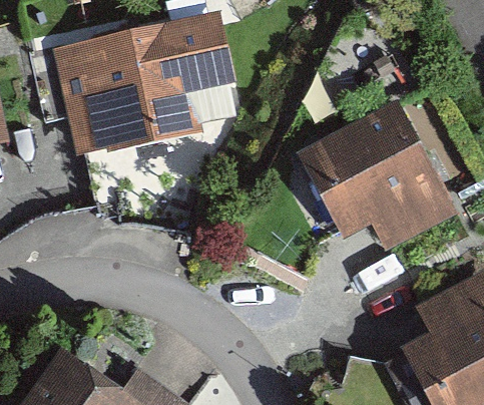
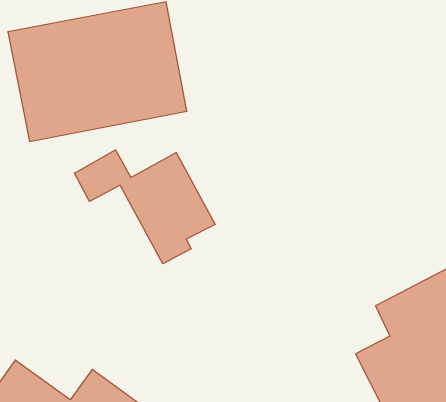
building: [291,105,449,243] -> none
building: none -> [74,150,215,264]

